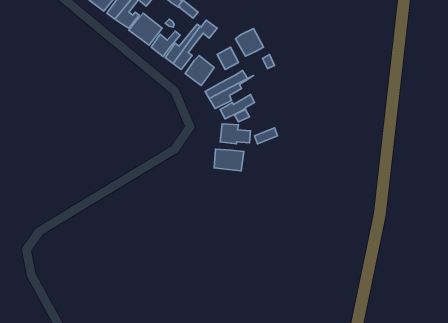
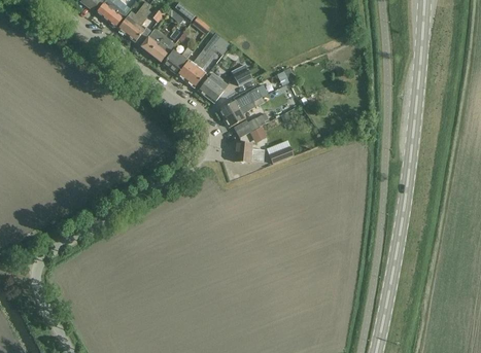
building: [235,29,263,56] -> none
building: [214,149,244,171] -> none

